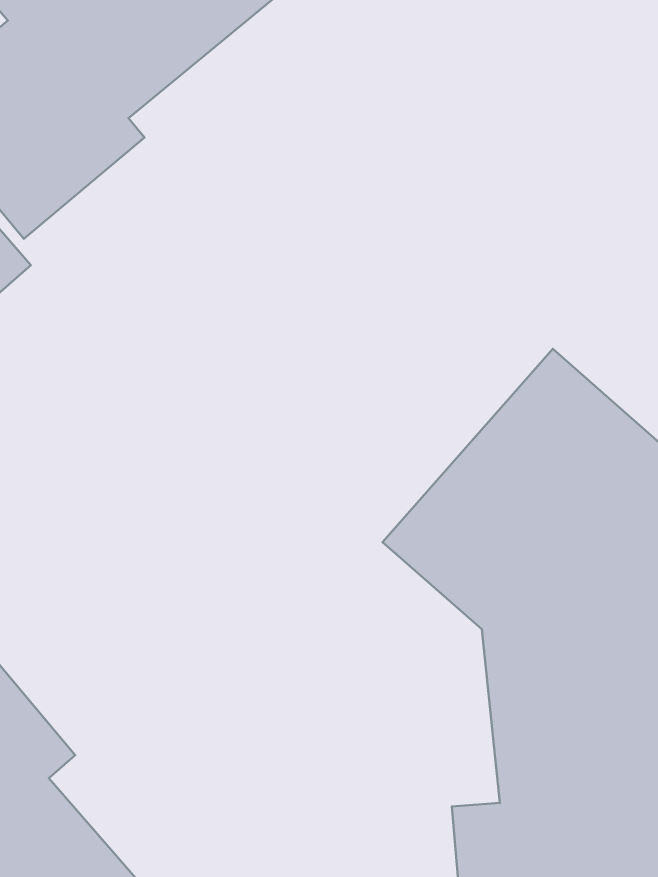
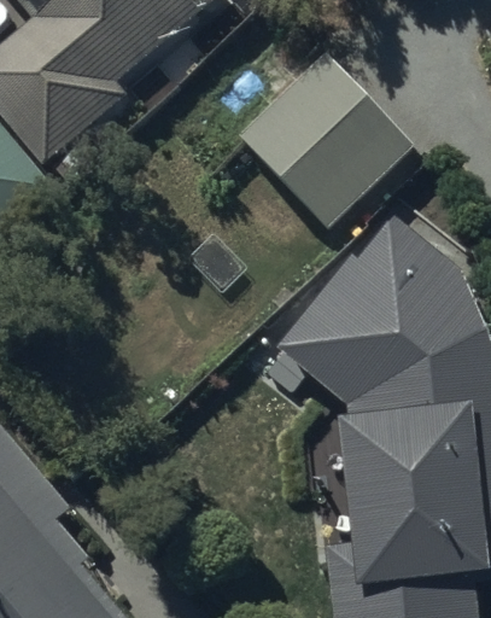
building: none -> [236,52,411,226]

